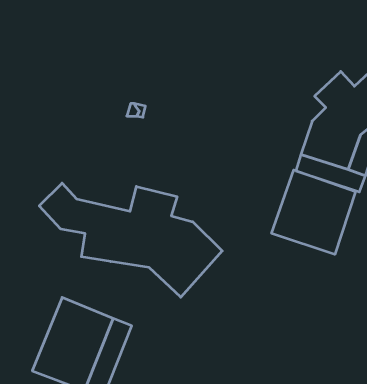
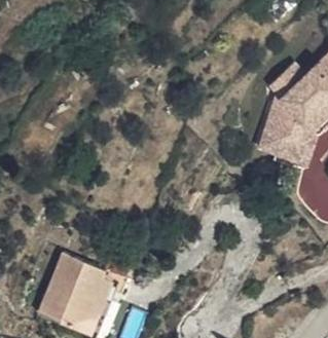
building: [272,170,355,254] -> none
building: [39,183,222,297] -> none

